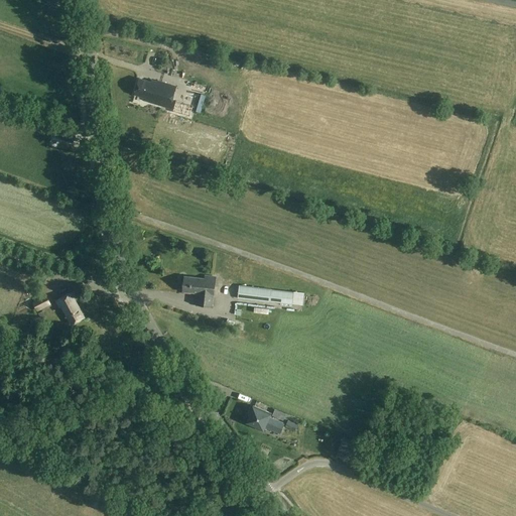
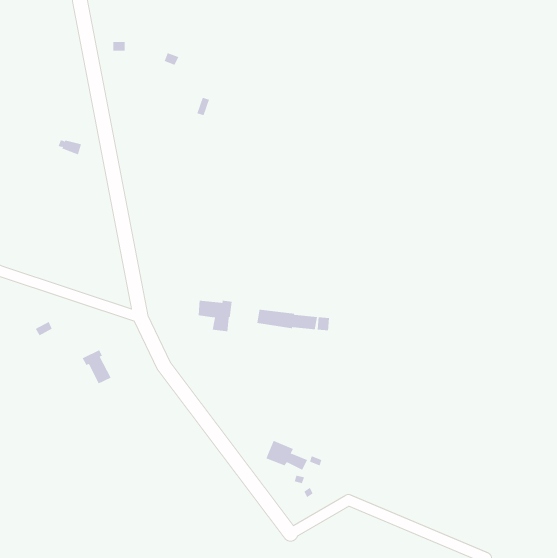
building: [134,79,175,108] -> none
building: [55,292,83,325] -> [82,349,111,384]

